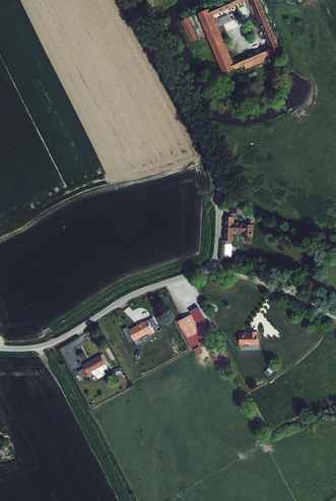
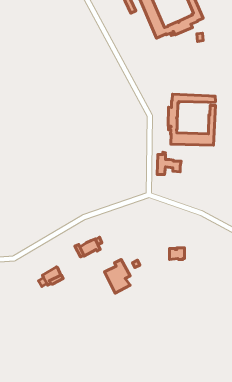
building: none -> [168,94,215,145]
building: [177,308,208,350] -> [105,259,130,293]

